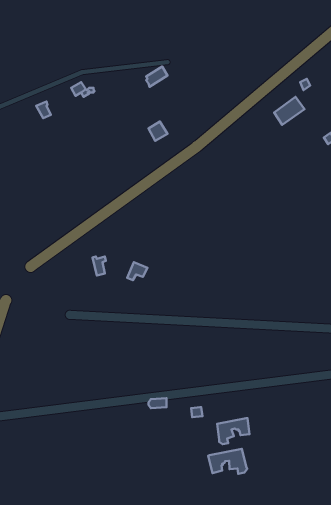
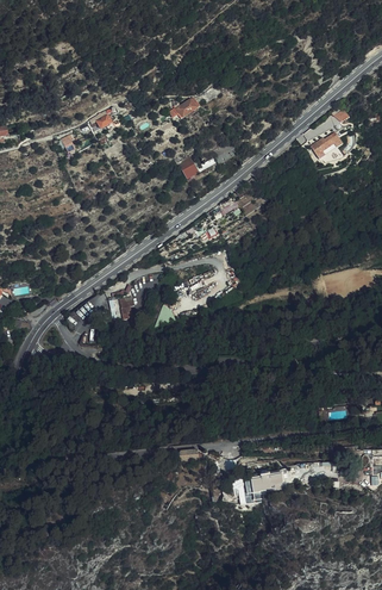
building: [208,449,247,474] -> none

